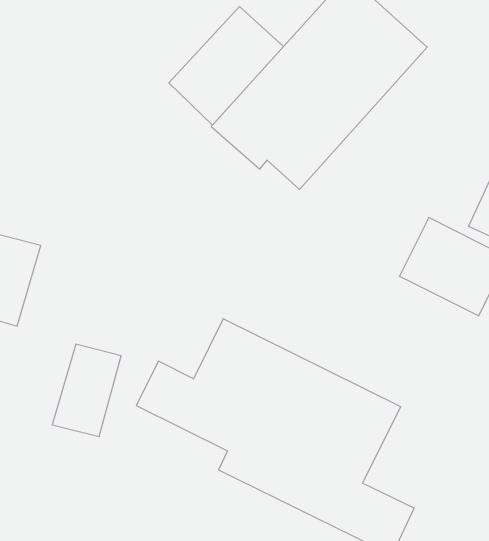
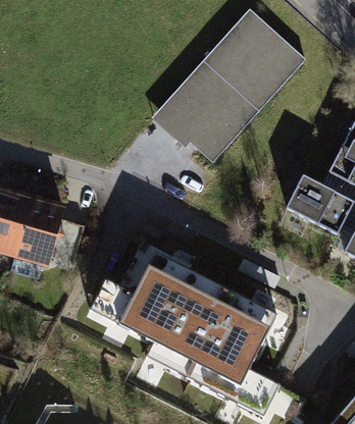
building: [169,7,284,125] -> none
building: [52,344,121,437] -> [15,203,63,267]

